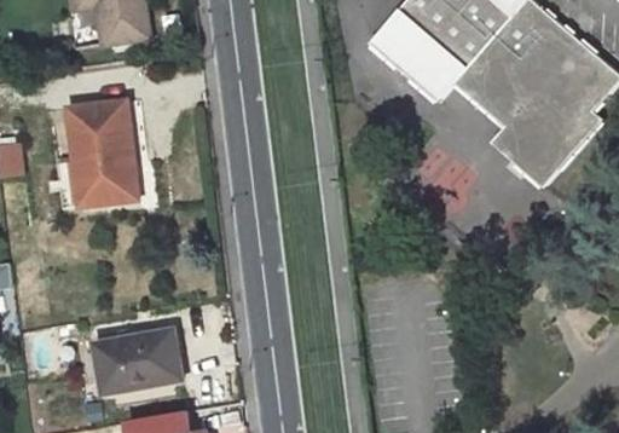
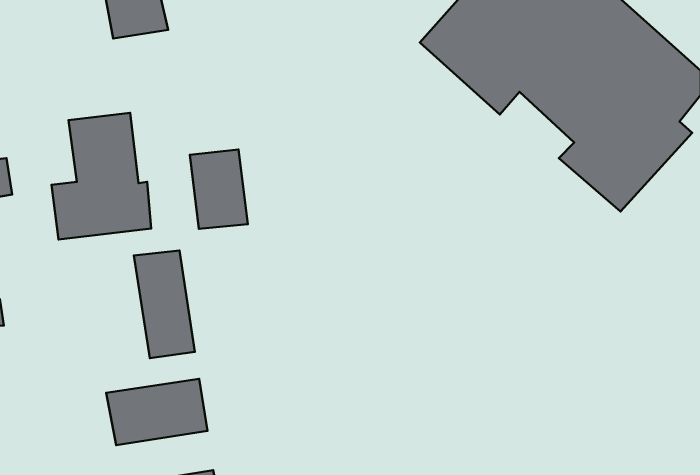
building: none -> [190,149,248,229]
building: none -> [134,250,195,358]

